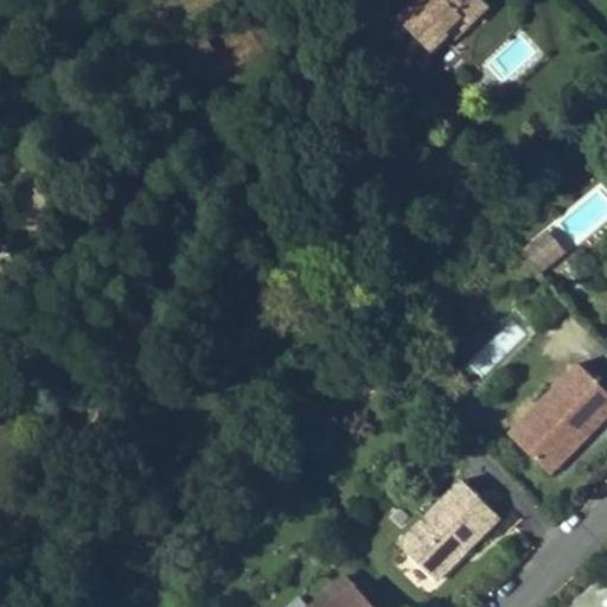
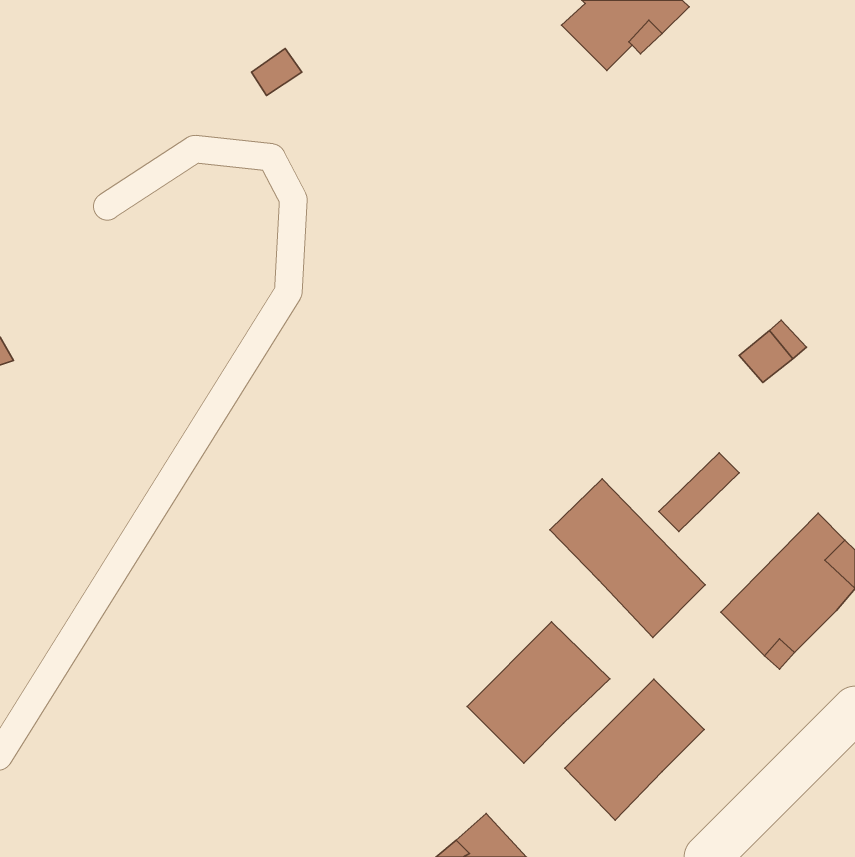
building: none -> [550,479,705,638]
building: none -> [467,622,610,763]

